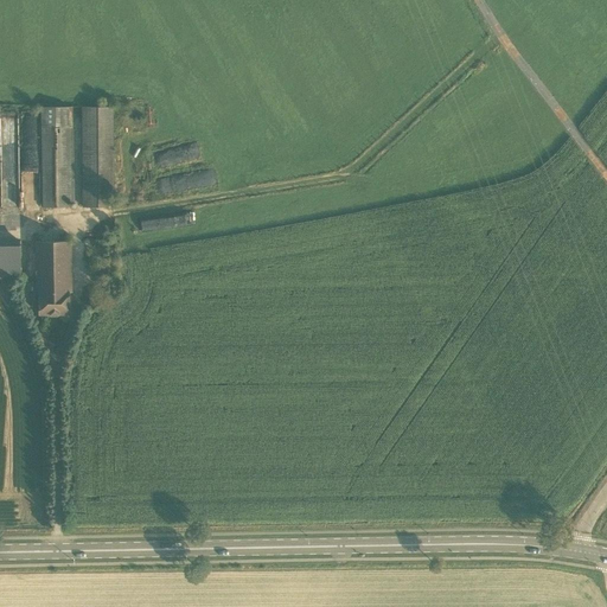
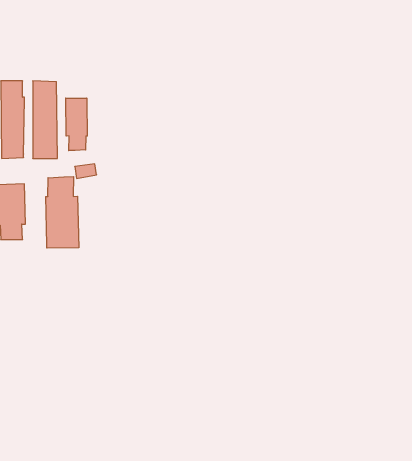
building: none -> [66,98,87,151]
building: none -> [46,177,79,248]

